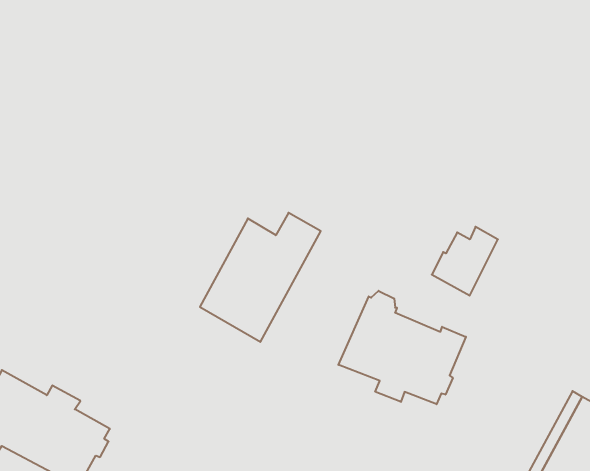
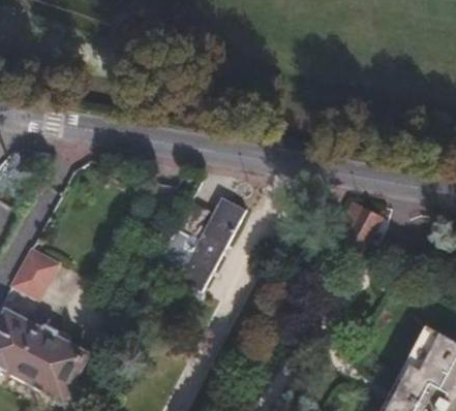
building: none -> [13,249,61,301]
building: [338,291,466,404] -> none

